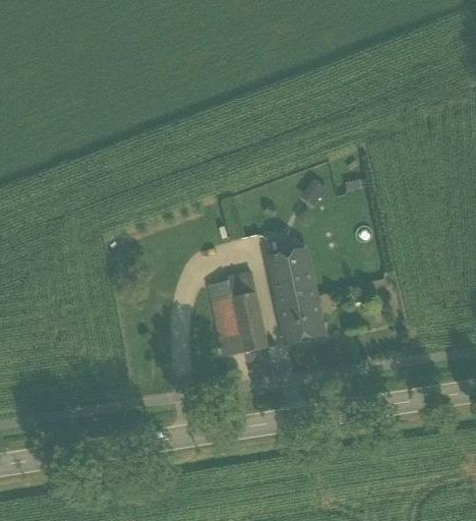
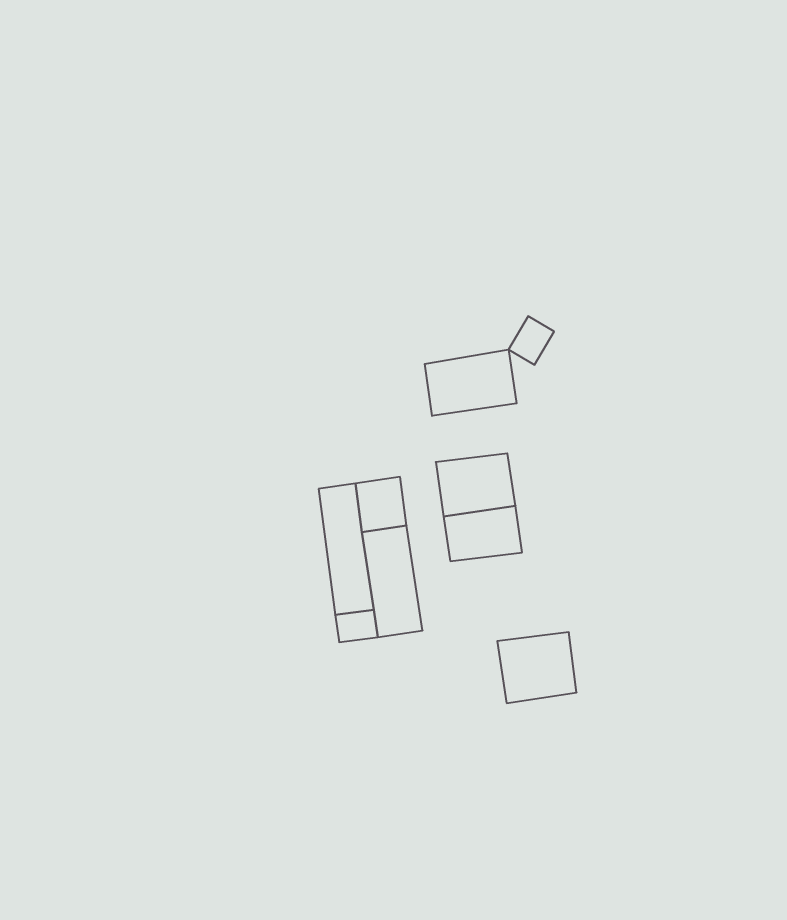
building: none -> [425,350,517,416]
building: [279,303,322,343] -> [497,632,577,703]

